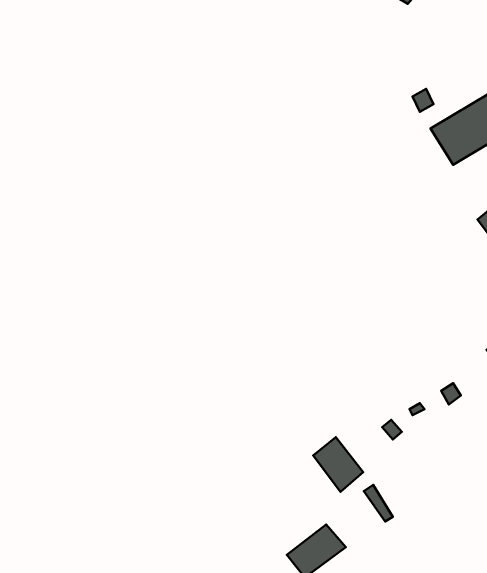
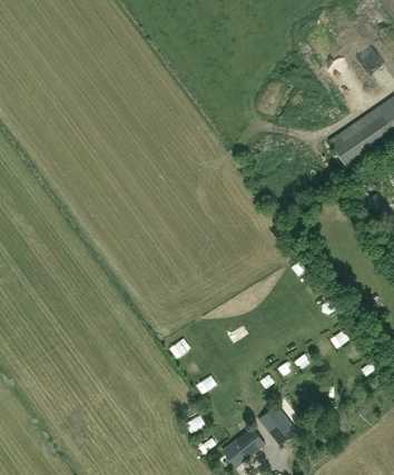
building: [313,437,363,492] -> [260,405,297,445]

